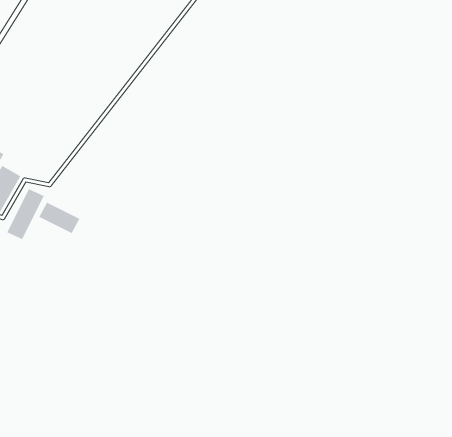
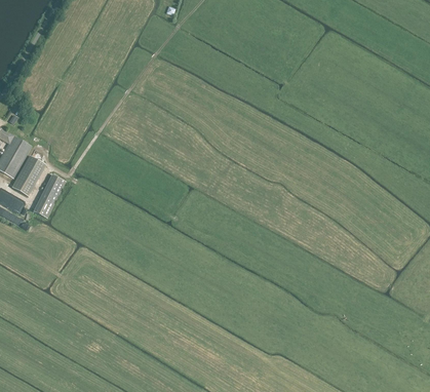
building: [39,202,80,234] -> none

